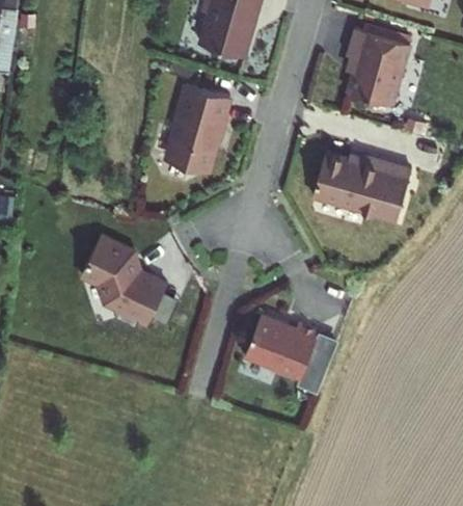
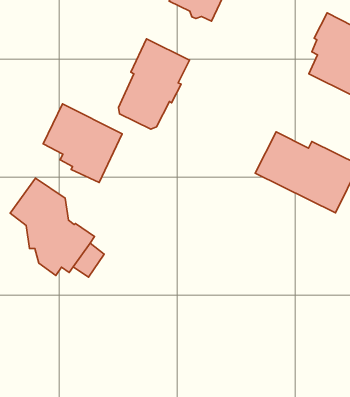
building: none -> [43,104,122,183]
building: [245,316,339,394] -> none

